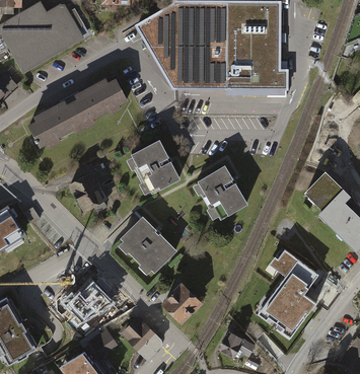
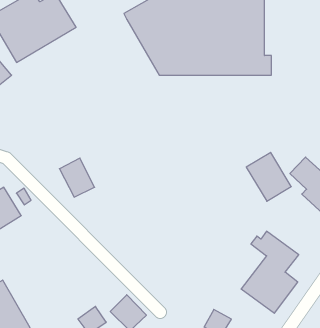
building: [25,75,128,150] -> none
building: [127,141,183,196] -> none
building: [197,165,243,216] -> [246,152,291,201]
building: [120,217,179,278] -> none
building: [68,272,116,319] -> none
building: [161,283,198,318] -> none

